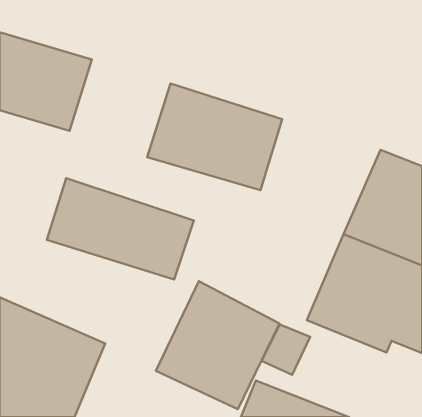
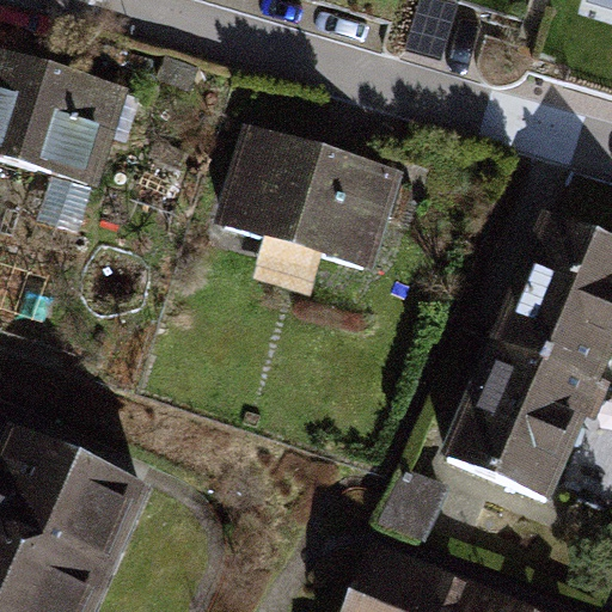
building: [47,178,194,280] -> none
building: [156,281,280,409] -> none

